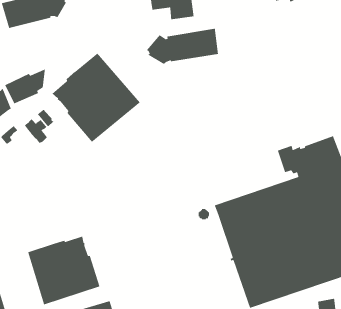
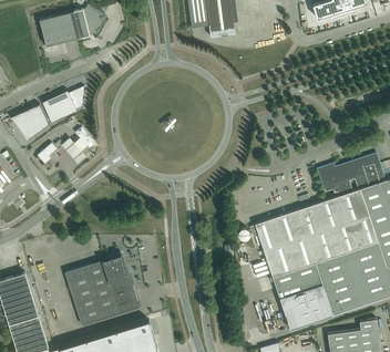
building: [146,28,219,65] -> none
building: [51,52,141,143] -> none

